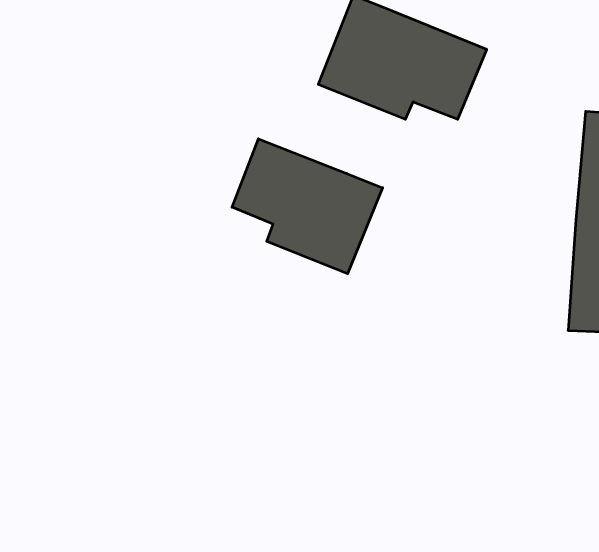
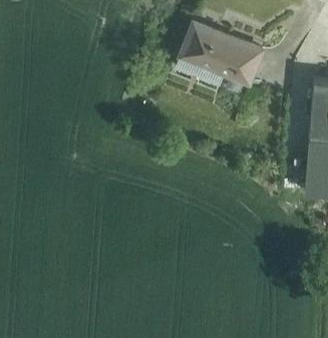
building: [232,139,383,274] -> none

